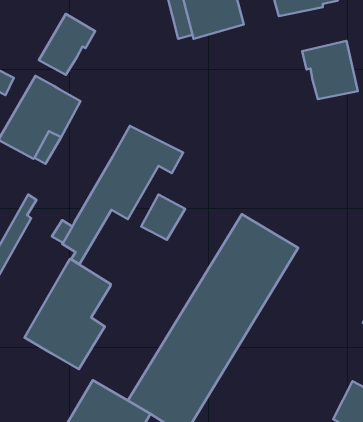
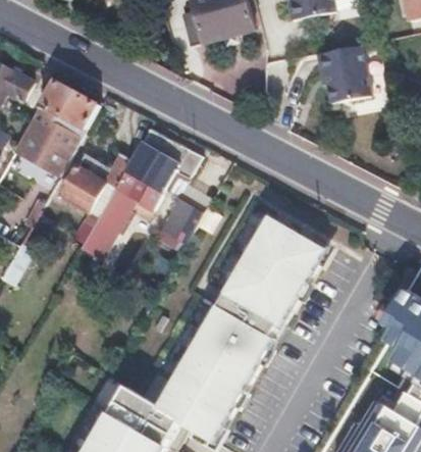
building: [39,14,95,75] -> none
building: none -> [60,155,131,228]
building: [25,259,111,369] -> none

